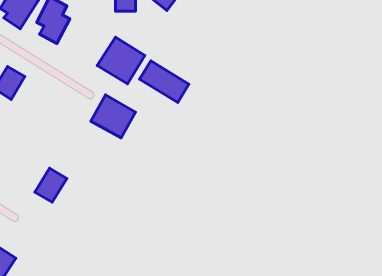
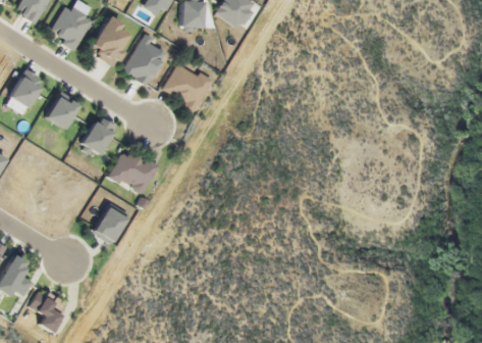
building: none -> [123,34,166,86]
building: [140,61,189,102] -> none
building: none -> [78,113,117,157]
building: [91,95,136,138] -> [108,147,158,195]

